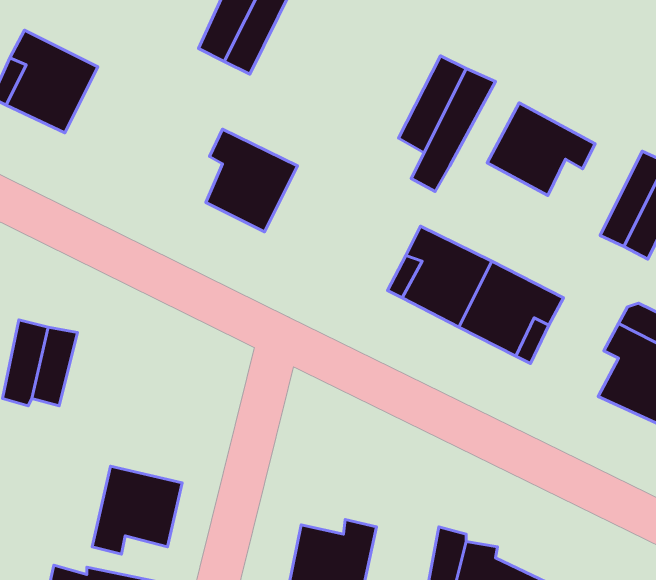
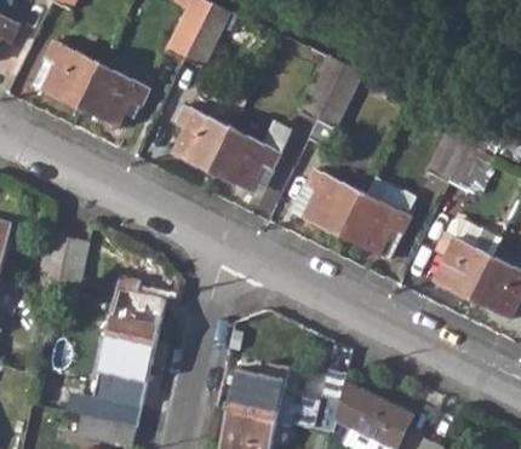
building: none -> [80,64,147,127]
building: [487,103,595,195] -> none
building: none -> [212,129,281,191]
building: none -> [110,277,166,339]

